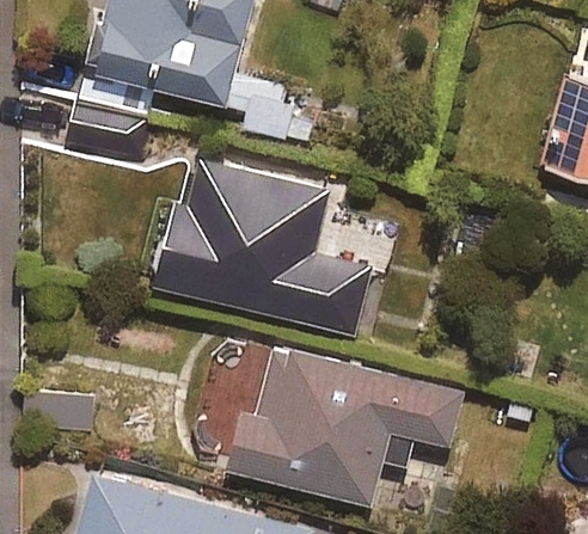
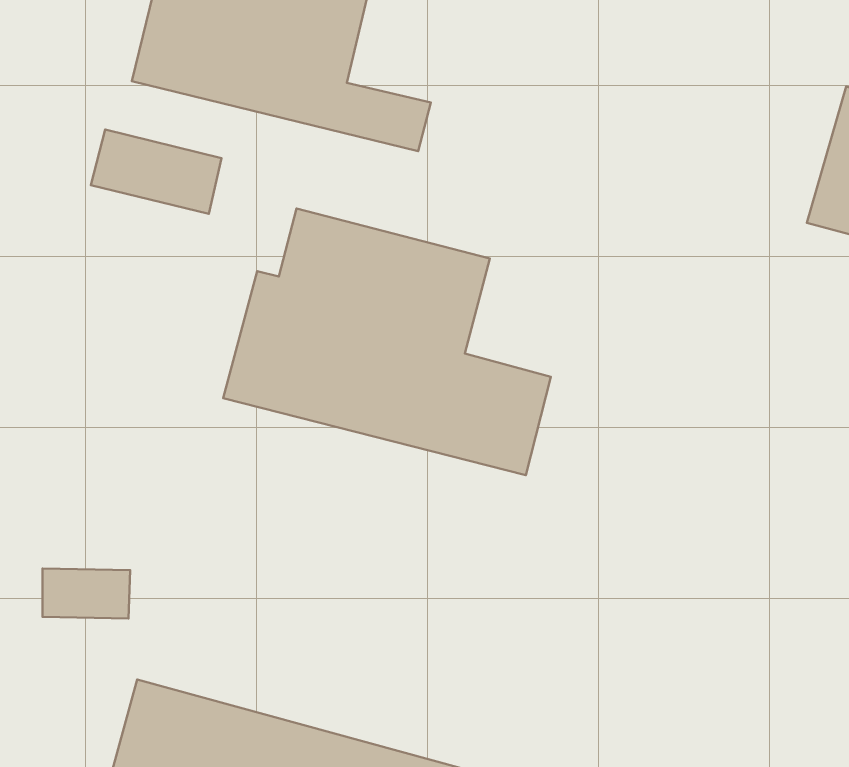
building: [227,343,463,507] -> none

